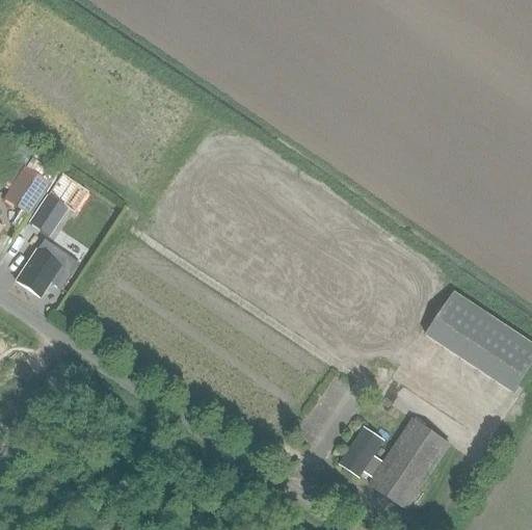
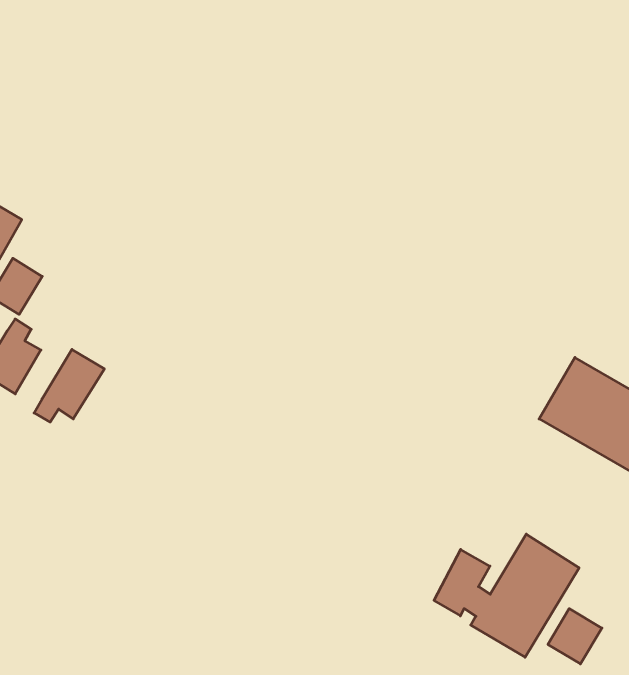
building: none -> [34,349,104,422]
building: none -> [548,609,602,664]

